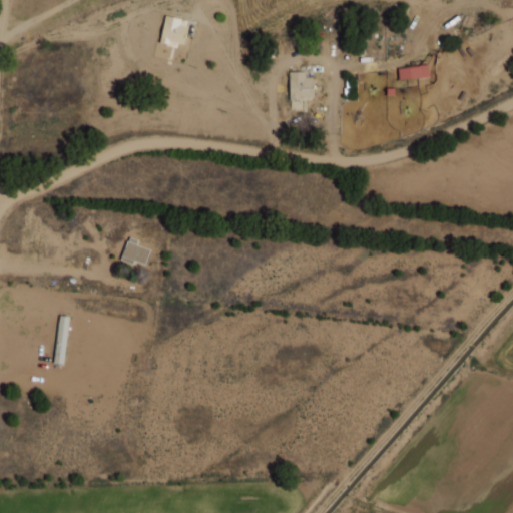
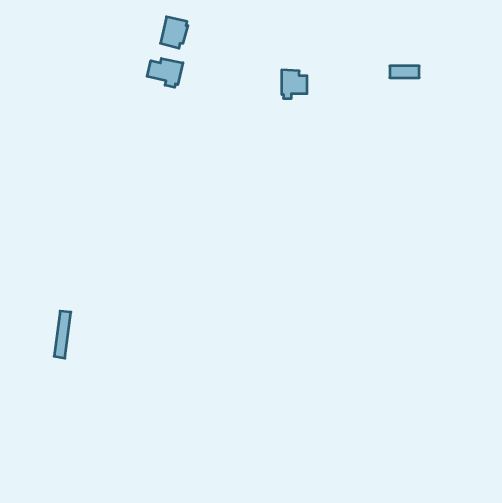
building: none -> [147,58,183,87]
building: [121,236,153,266] -> none

